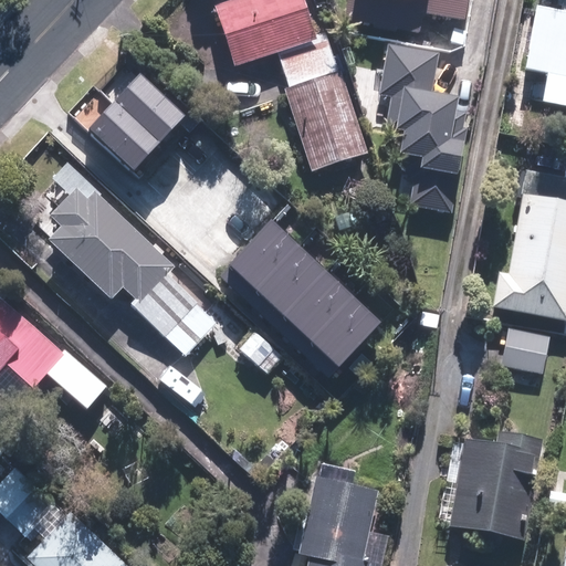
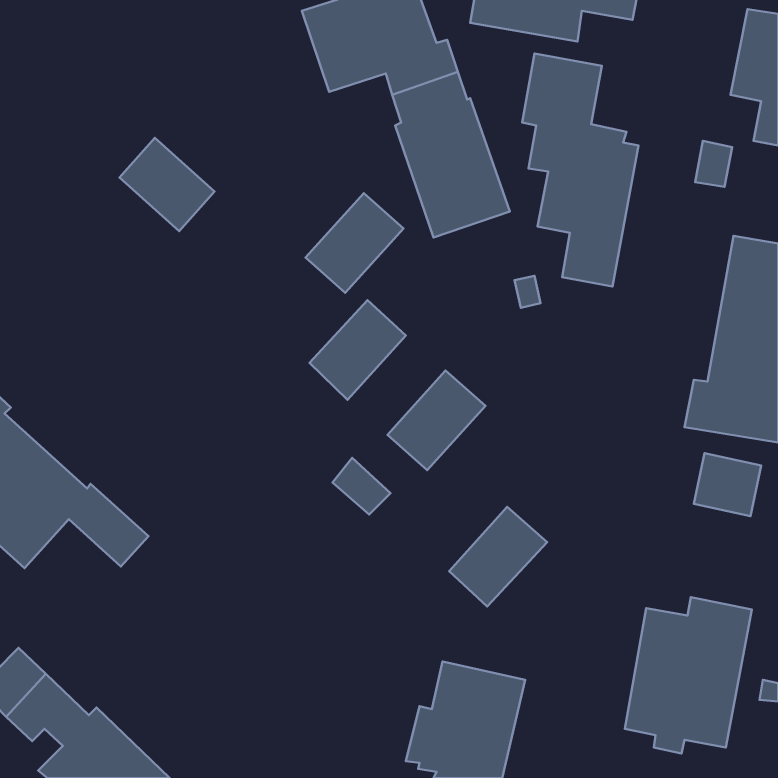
building: [112,71,181,138] -> none
building: [52,191,217,355] -> none
building: [251,242,322,314] -> [305,193,404,293]
building: [308,293,379,365] -> [449,507,547,607]

